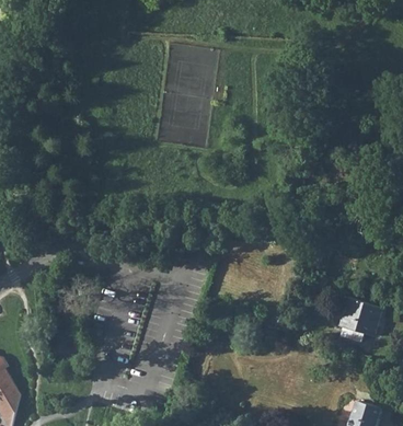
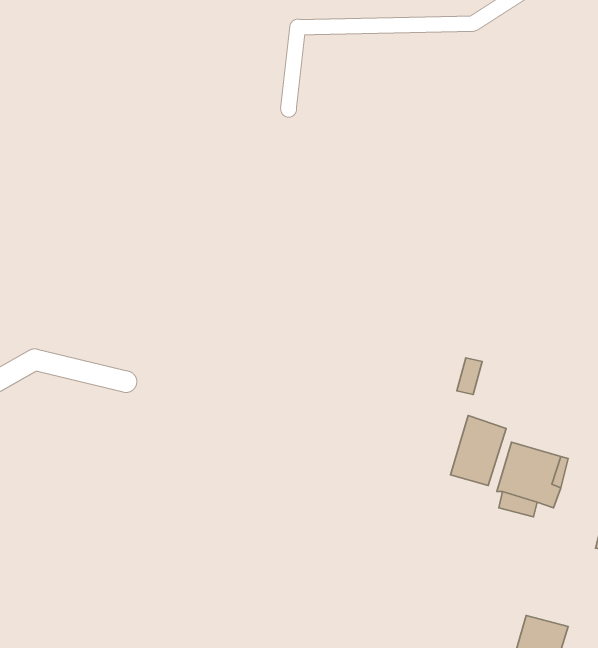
building: none -> [451,416,506,485]

